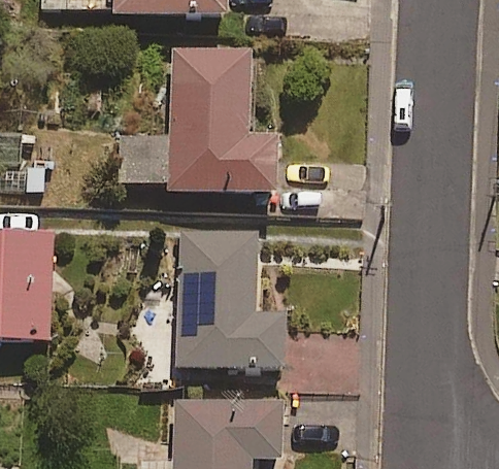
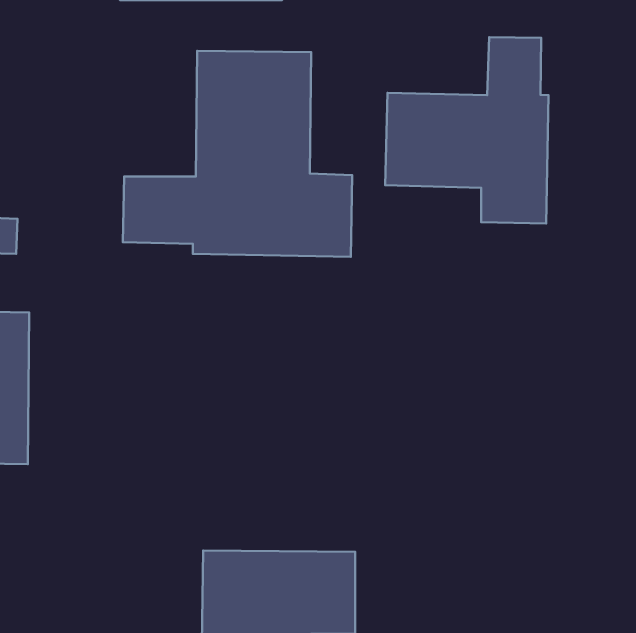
building: none -> [385,37,548,223]
building: [178,233,285,369] -> none

